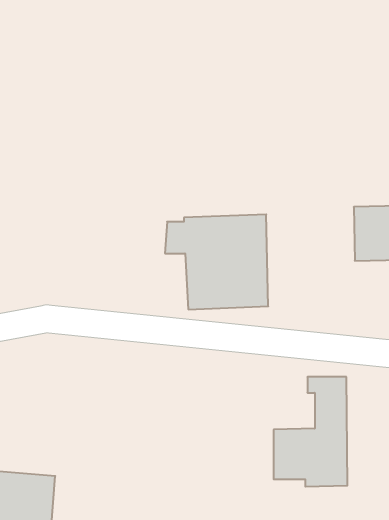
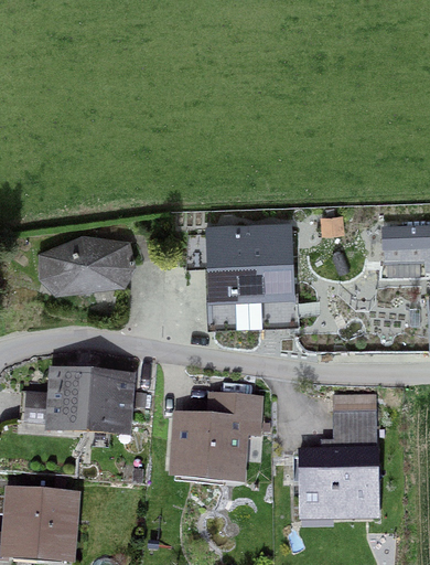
building: none -> [43,238,133,291]
building: none -> [20,374,129,427]
building: none -> [178,396,260,477]

